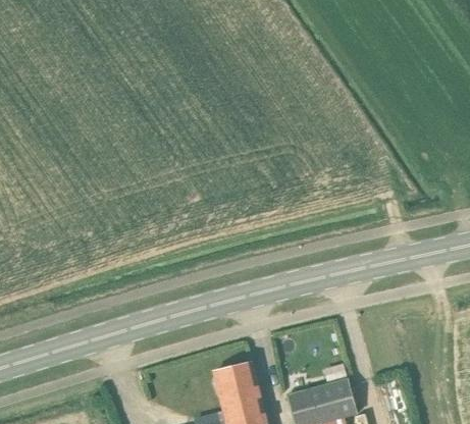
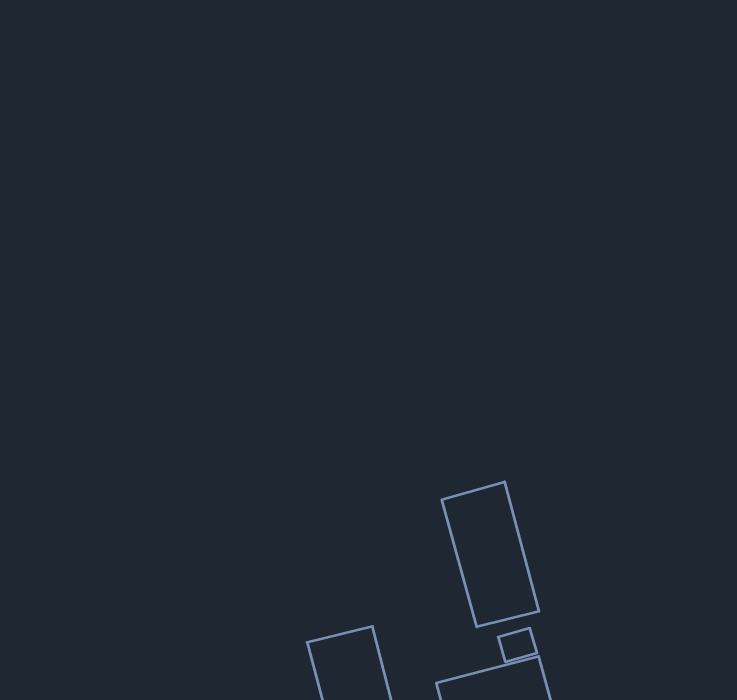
building: none -> [442,482,539,627]

